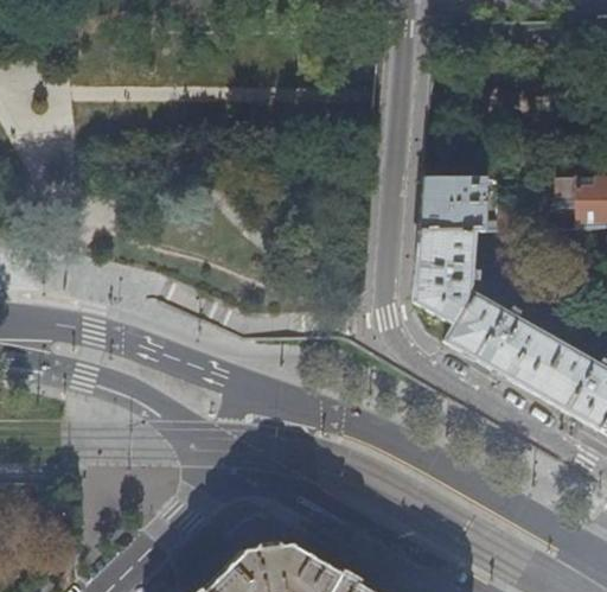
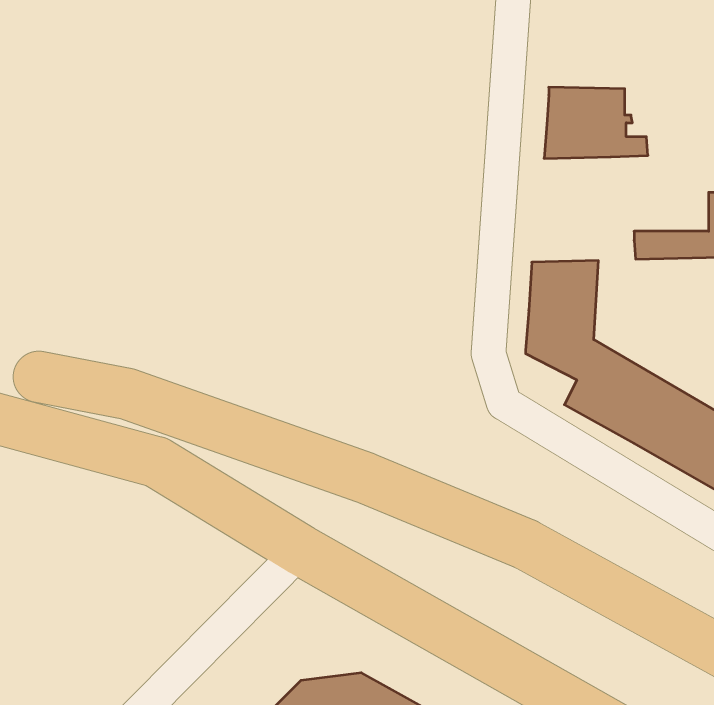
building: [422,177,501,231] -> [544,87,648,158]

